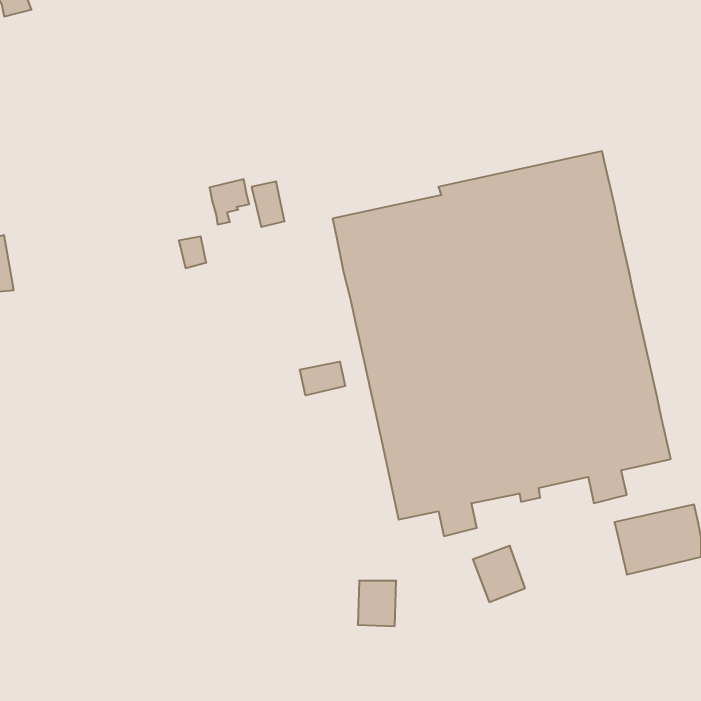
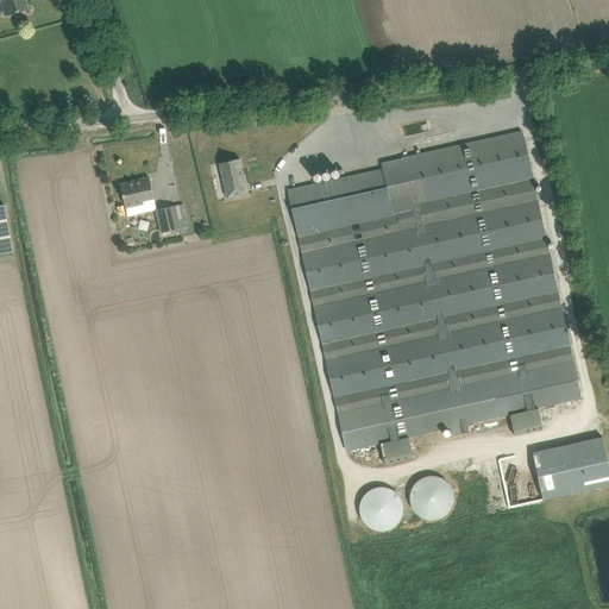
building: [209,179,249,225] -> [119,176,153,215]
building: [300,362,345,395] -> none
building: [358,581,396,626] -> [364,488,397,527]

